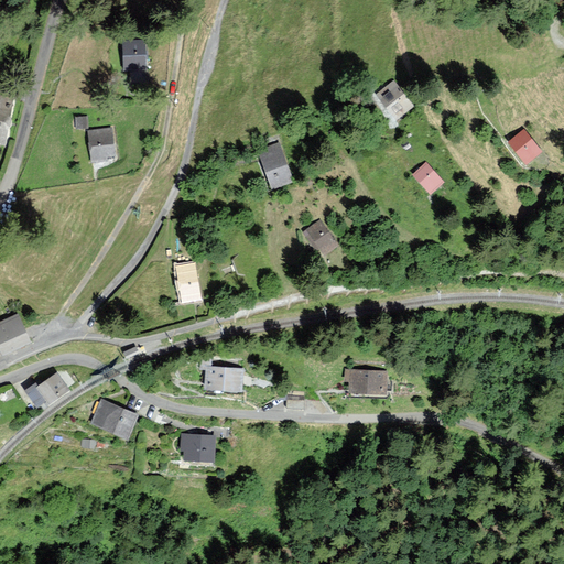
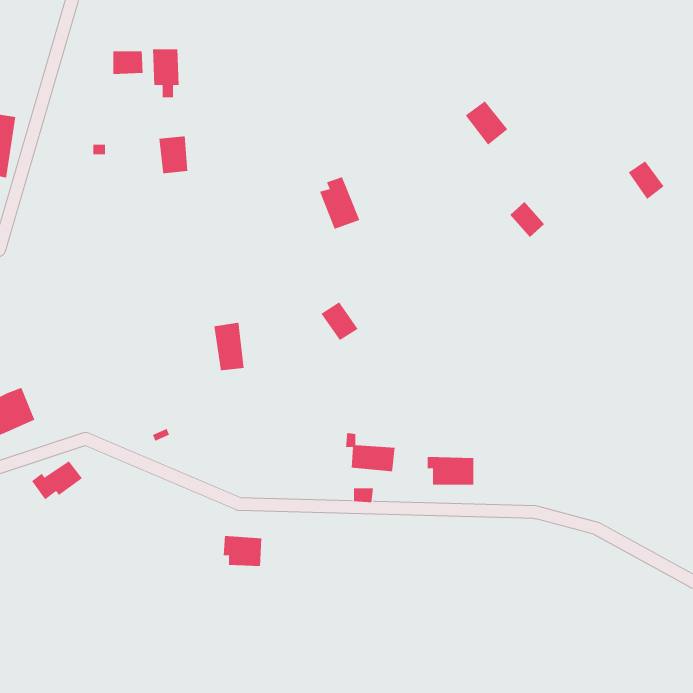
building: none -> [113,50,143,75]
building: [88,128,112,159] -> [158,136,188,174]
building: [304,221,335,253] -> [321,302,359,341]
building: [200,357,241,389] -> [345,432,396,472]
building: [93,401,135,436] -> none

